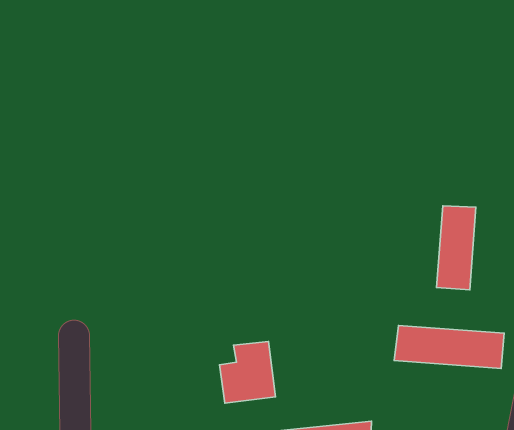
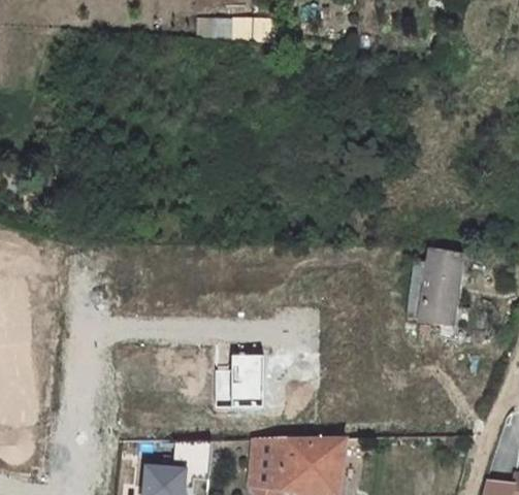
building: [394,325,504,368] -> none

